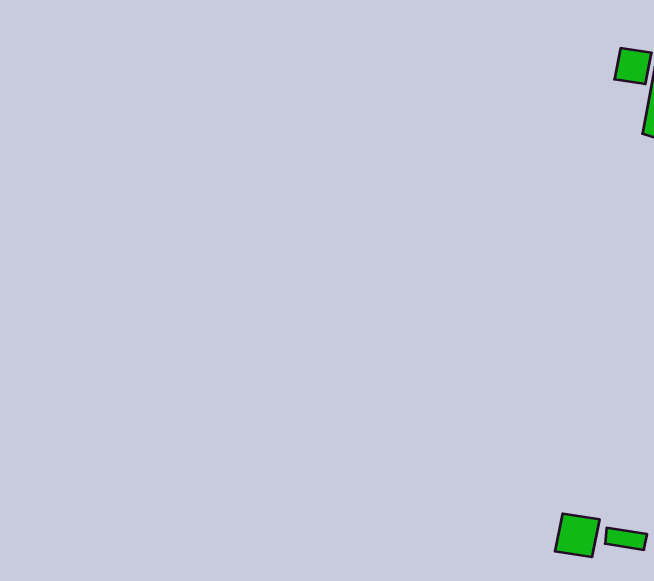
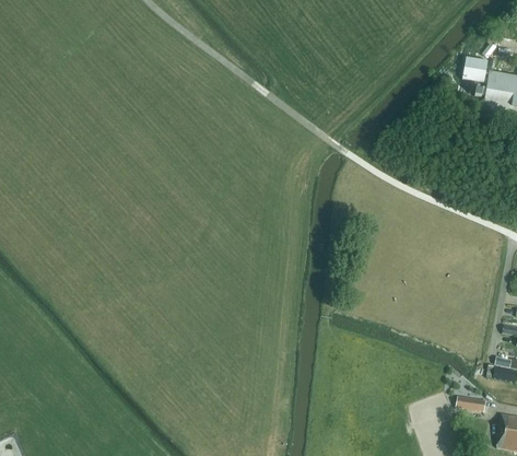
building: [555,514,599,557] -> none

